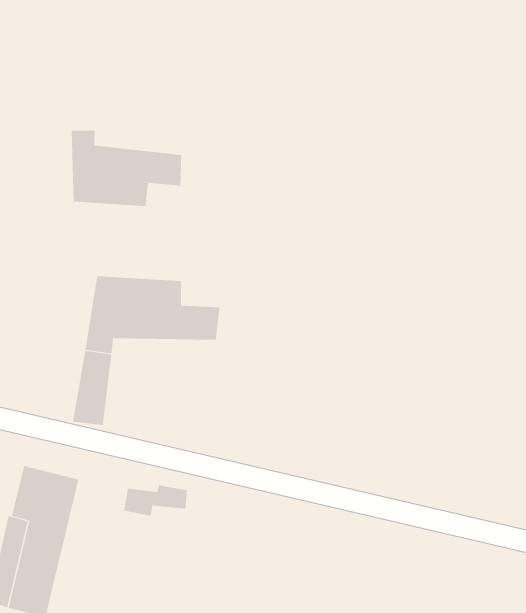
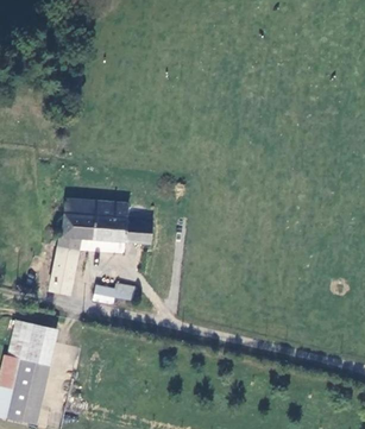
building: [71,130,182,207] -> none
building: [124,485,188,516] -> [95,283,139,304]

